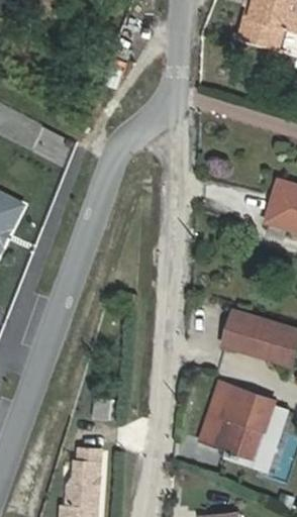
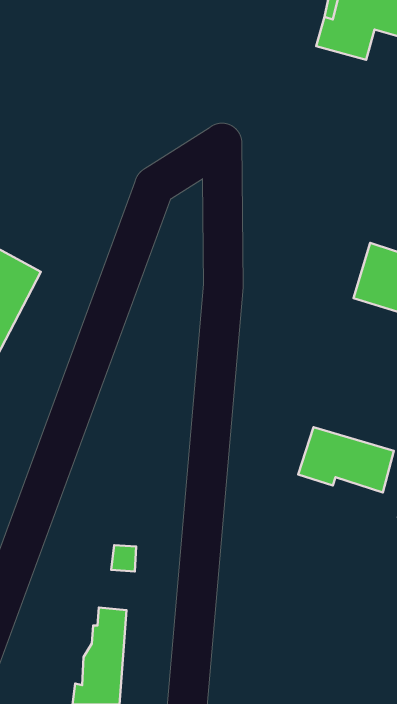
building: [198,383,272,459] -> none

